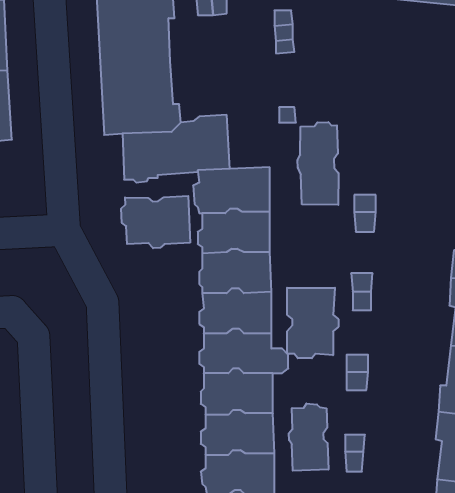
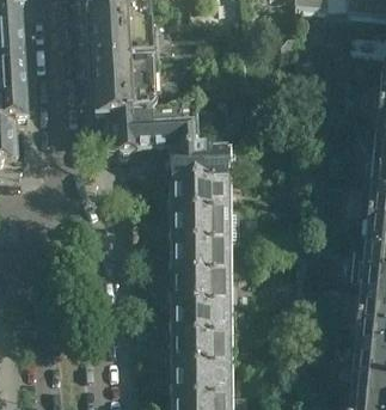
building: [298,122,339,205] -> none
building: [121,196,190,248] -> none
building: [287,288,338,358] -> none
building: [289,403,328,471] -> none

